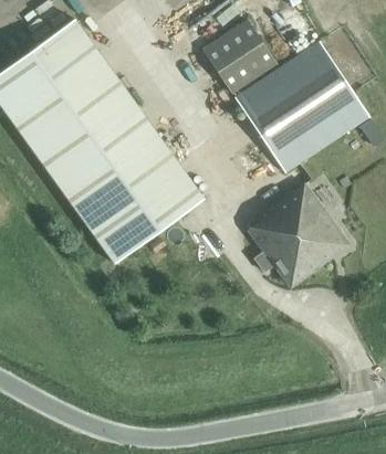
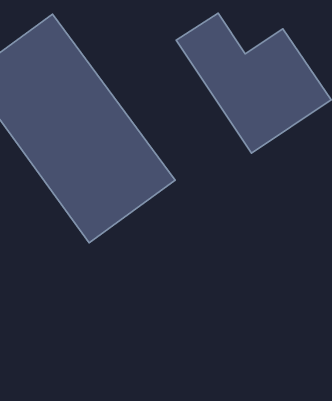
building: [248,180,350,284] -> none

